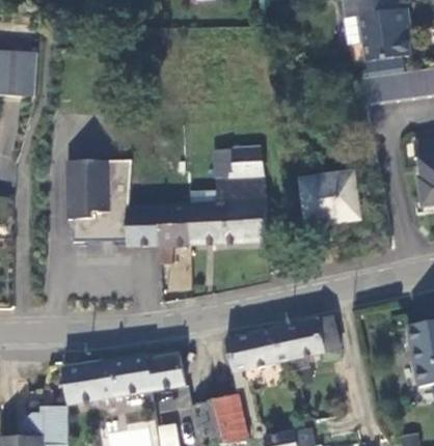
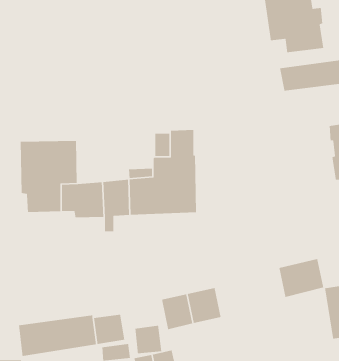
building: [302,171,357,221] -> none
building: [286,314,337,359] -> [278,258,324,298]
building: none -> [135,325,162,354]

